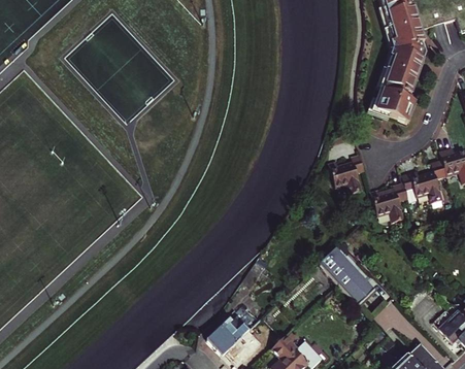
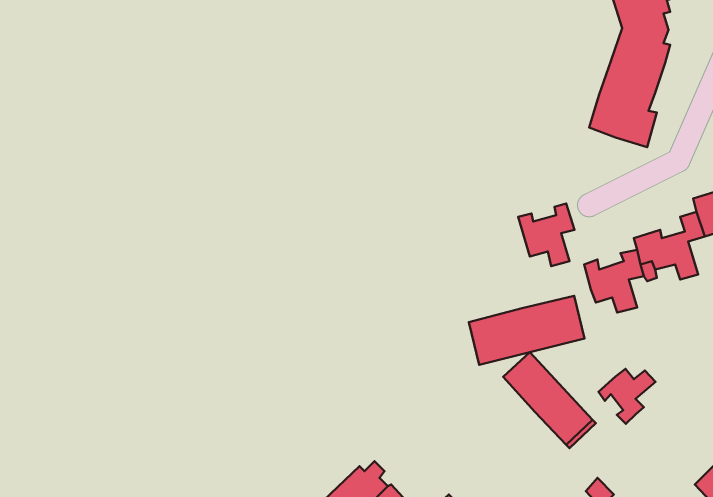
building: none -> [469,296,585,365]
building: none -> [598,369,655,424]

